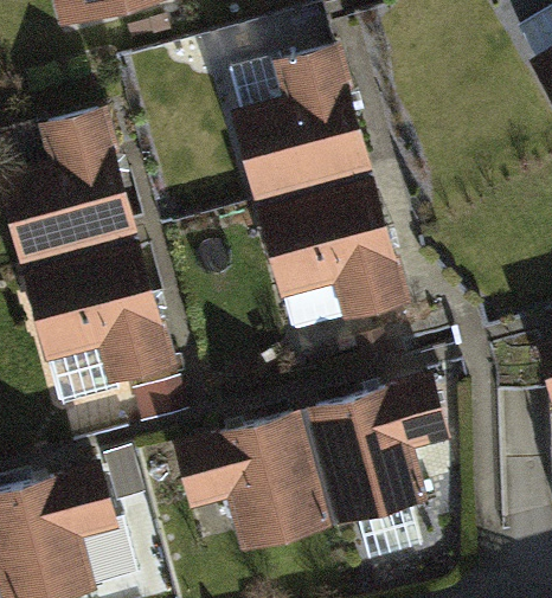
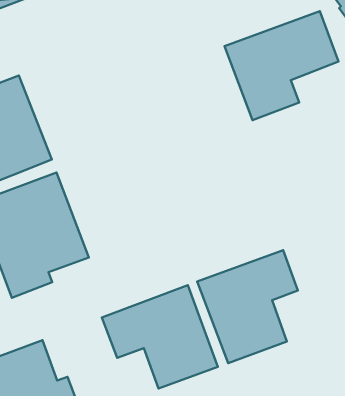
building: [220,52,368,199] -> none
building: none -> [224,11,339,120]
building: [261,184,404,330] -> none

